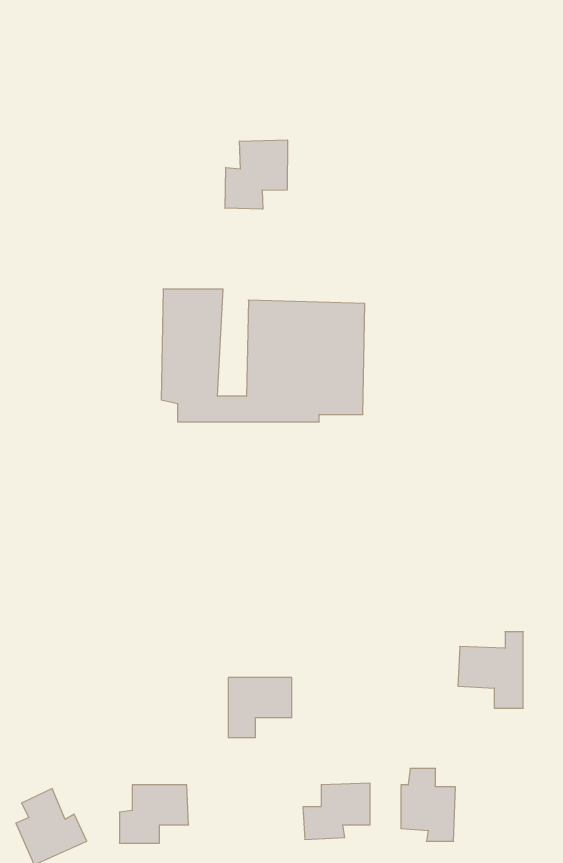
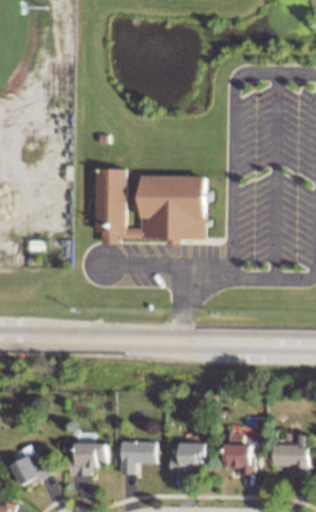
building: [225,140,287,209] -> none
building: [458,632,523,708] -> [272,434,308,476]
building: [228,678,292,738] -> [121,440,156,473]

